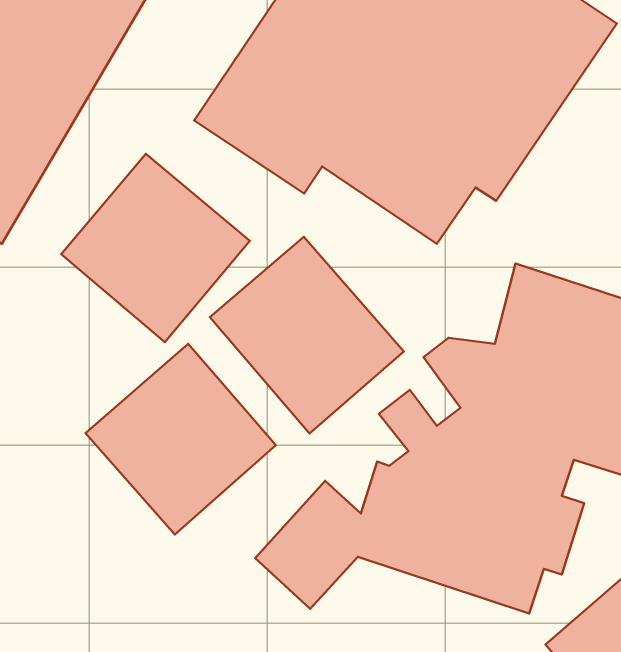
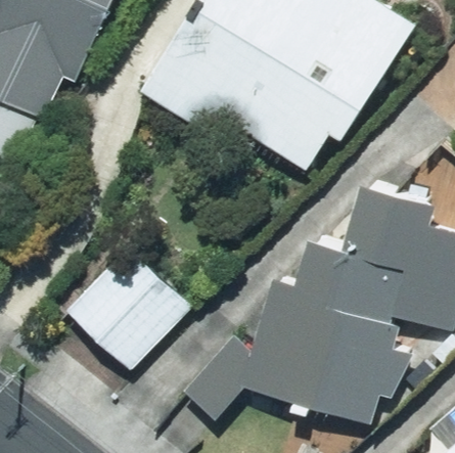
building: [61,154,250,342] -> none
building: [210,237,404,433] -> none

